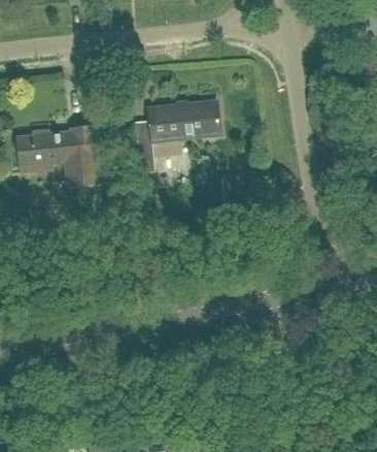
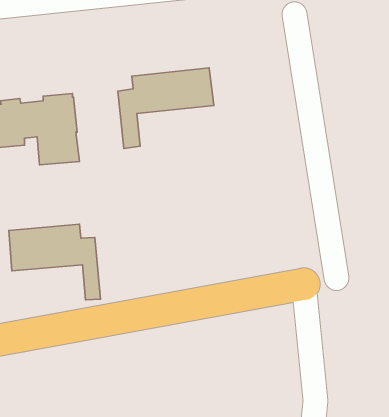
building: none -> [9,224,101,300]

